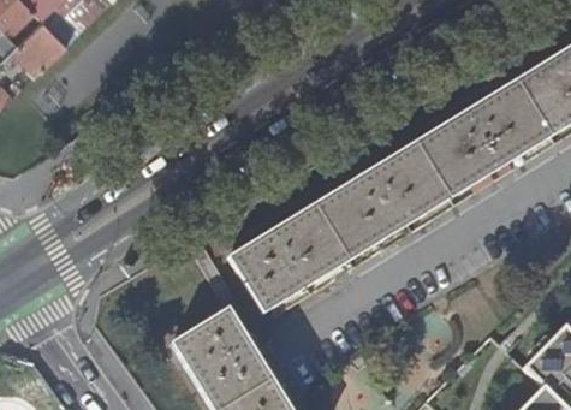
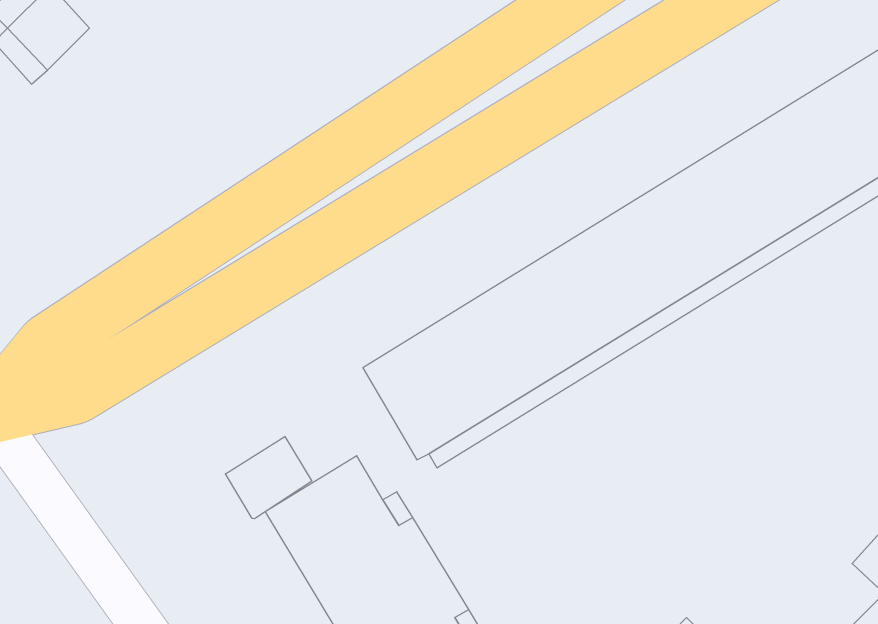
building: none -> [225,436,312,519]

